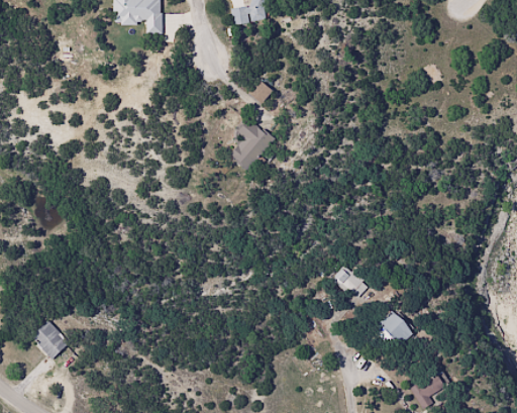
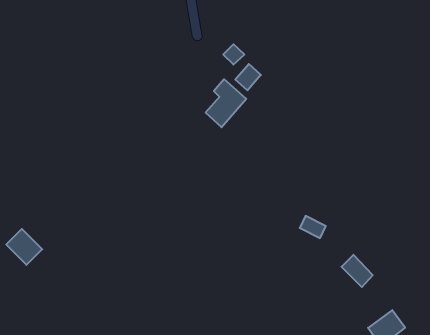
building: none -> [235,64,261,90]
building: [30,319,70,358] -> [6,229,42,265]

